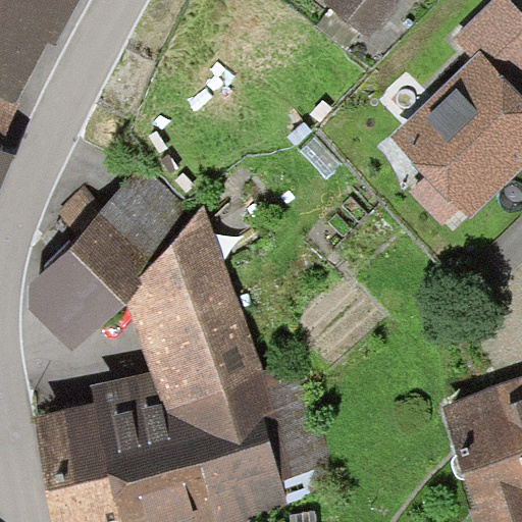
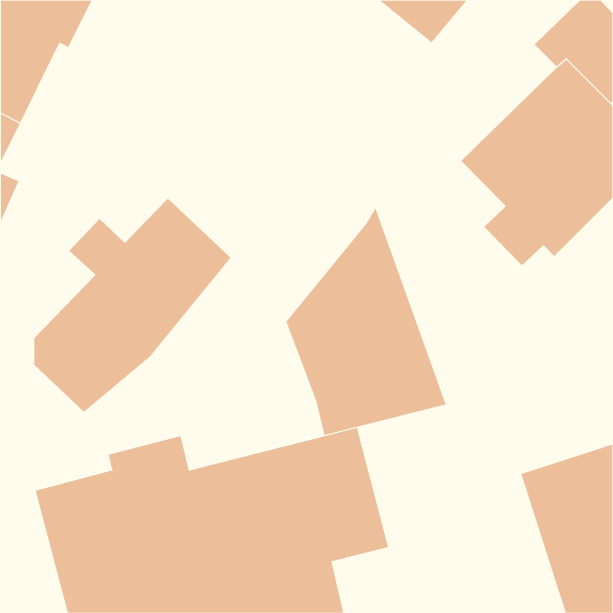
building: [128,205,265,400] -> [286,206,446,436]

